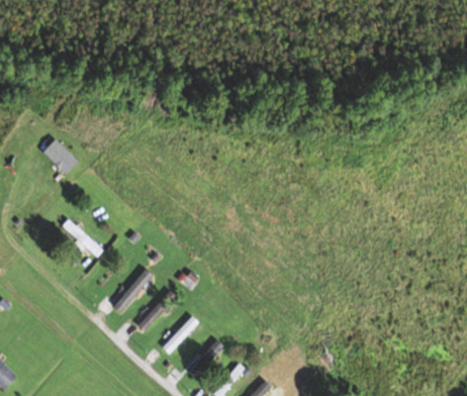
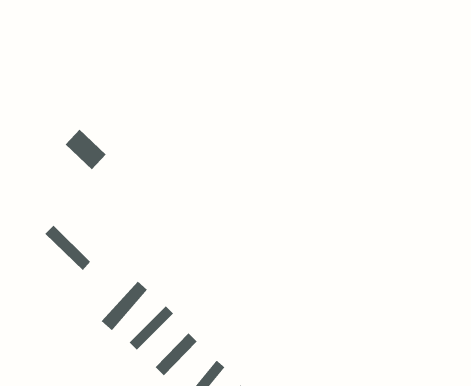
building: [41,138,79,176] -> [65,129,107,170]

